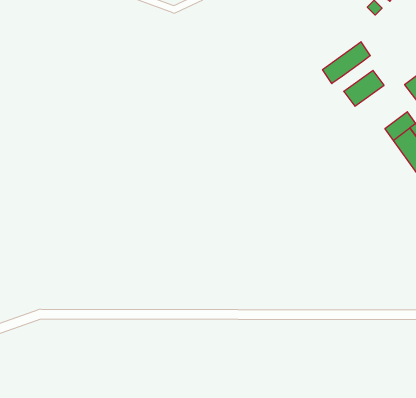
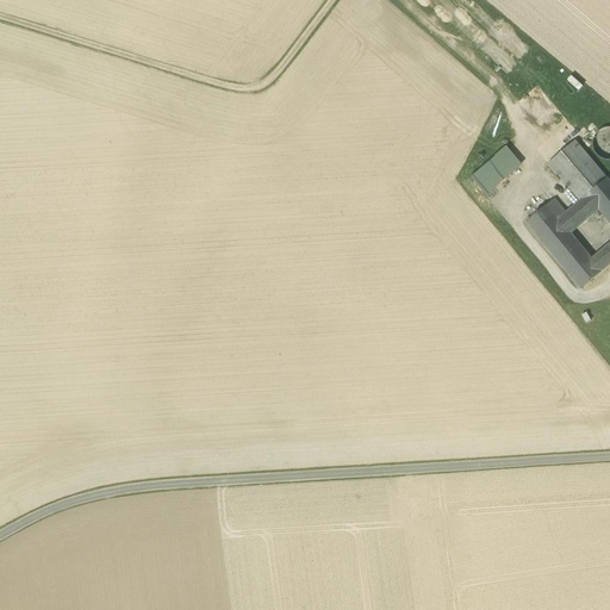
building: [323,42,370,84] -> none

